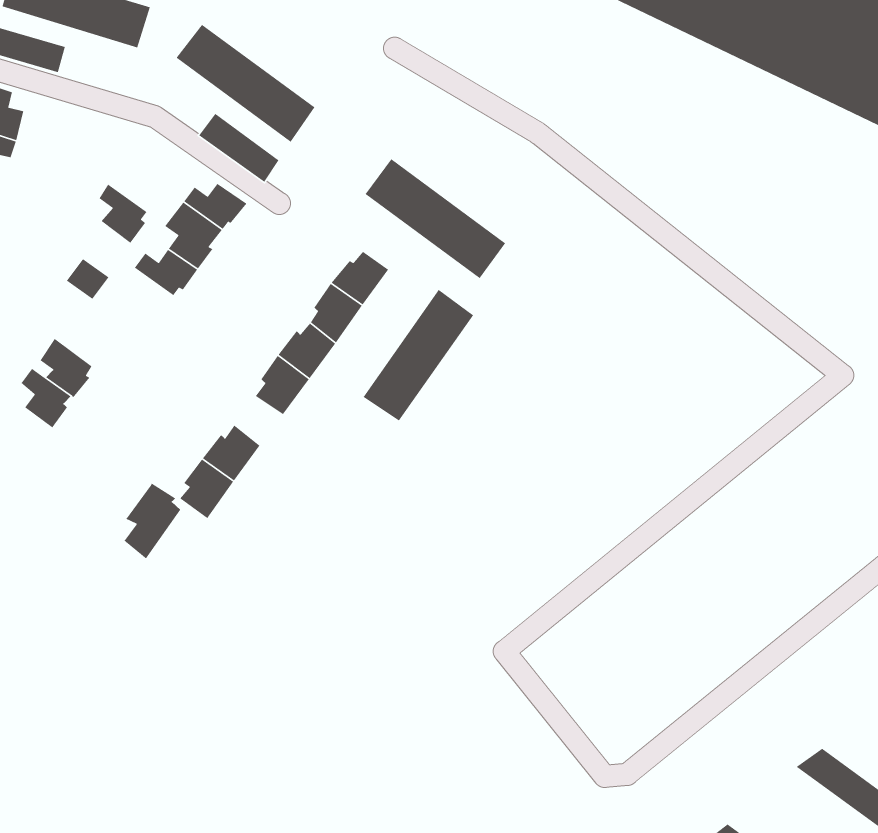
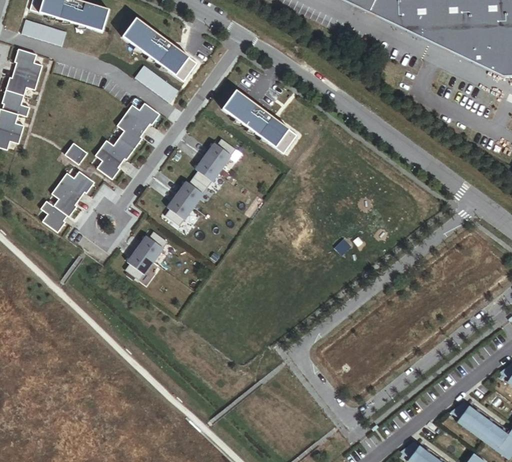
building: [98,183,148,244] -> [95,147,121,179]
building: [363,289,474,422] -> none
building: none -> [58,170,94,199]
building: [123,482,181,560] -> none

